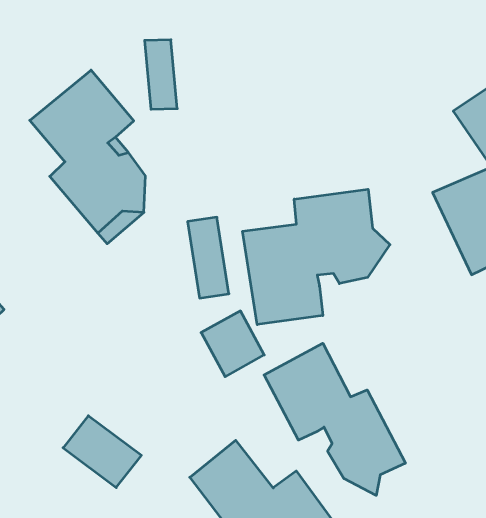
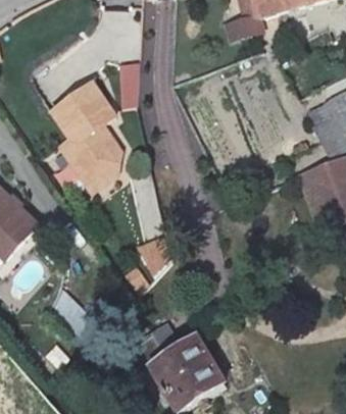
building: [243,189,390,325] -> none
building: [264,343,405,495] -> none

